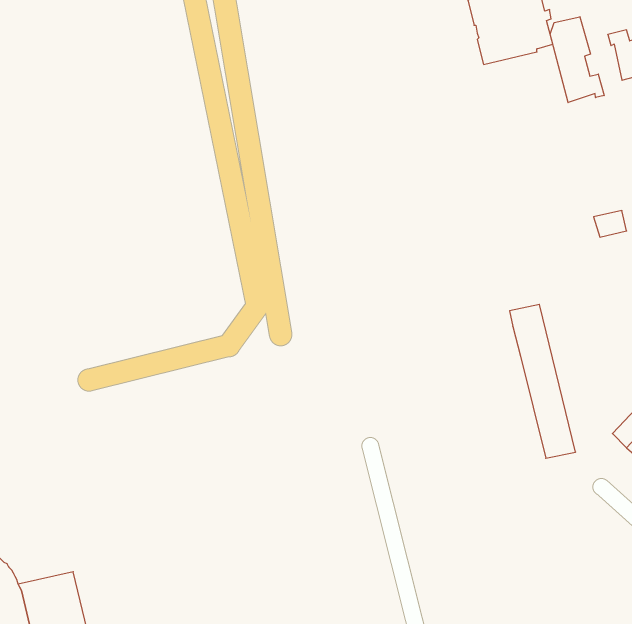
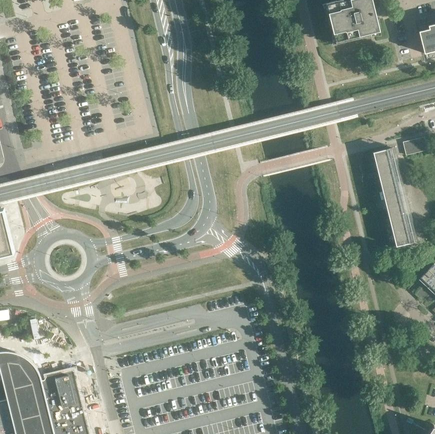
building: [550,17,604,103] -> none
building: [510,304,576,458] -> [372,148,414,246]

